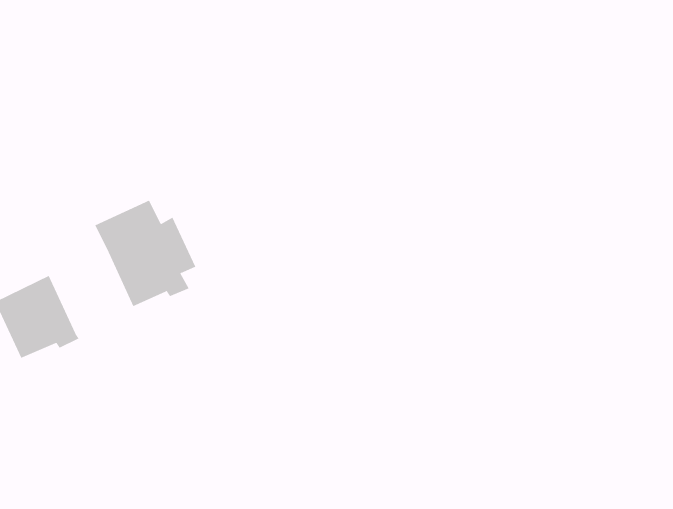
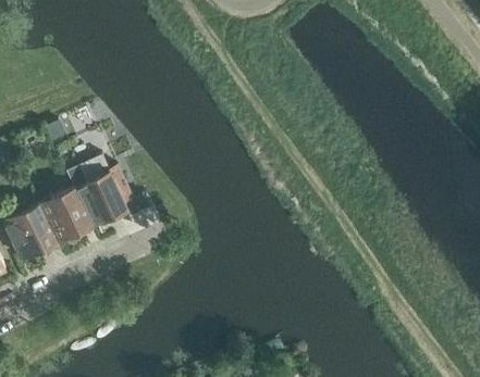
building: none -> [37,188,94,243]

